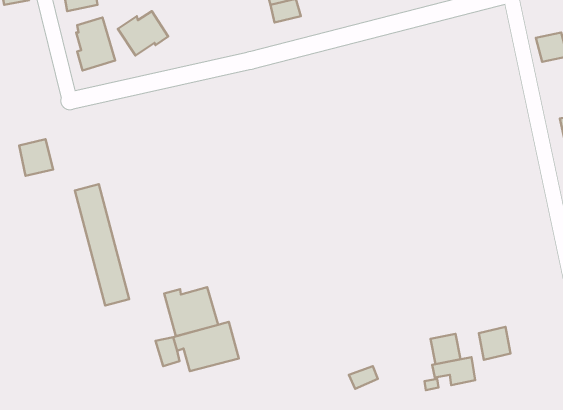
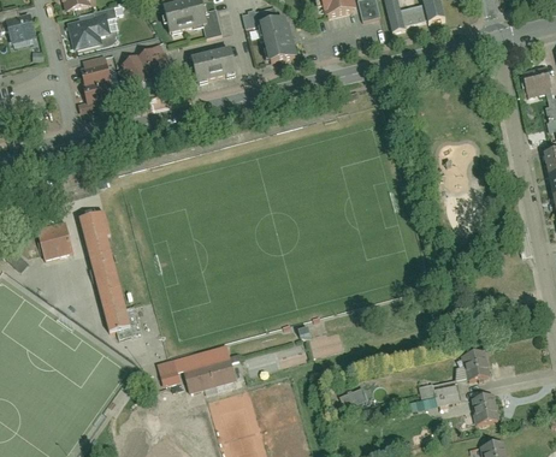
building: none -> [193,51,232,82]
building: [19,139,53,176] -> [40,224,72,259]
building: [164,287,218,336] -> none
building: [430,334,461,364] -> [472,393,501,422]

